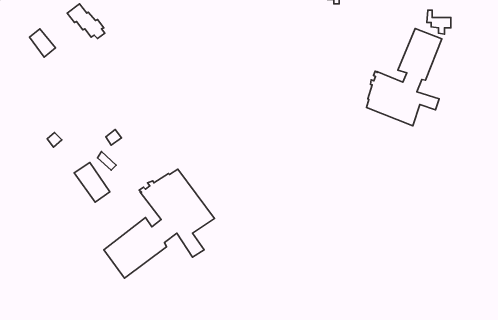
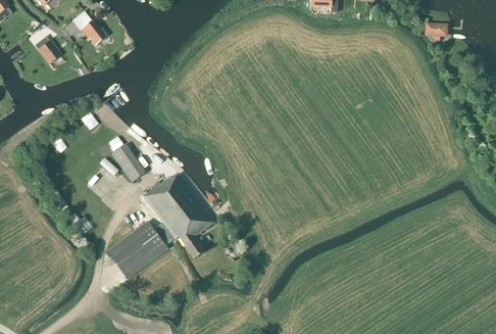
building: [366,28,442,126] -> none
building: [74,162,110,202] -> [111,143,146,182]

